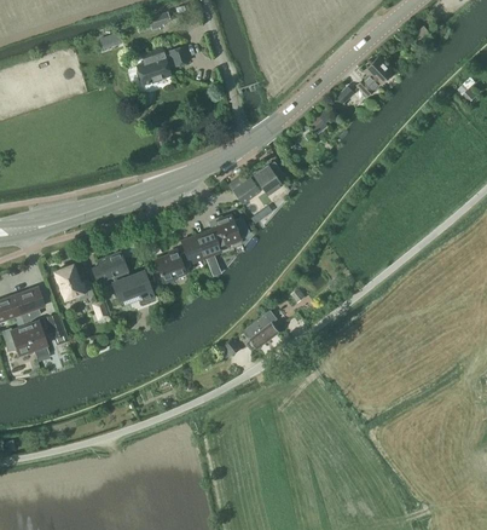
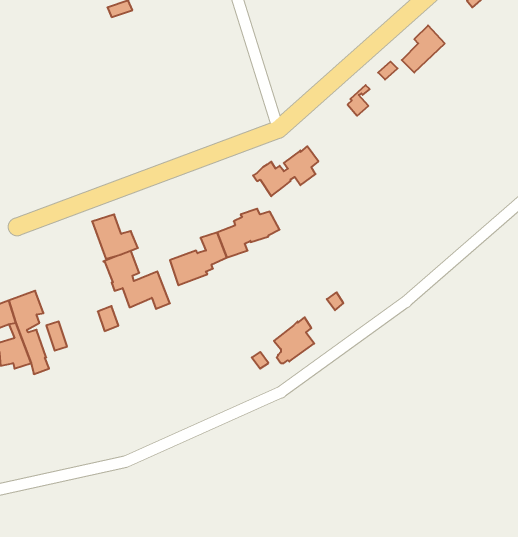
building: [137,46,190,85] -> none
building: [54,265,94,304] -> [92,214,138,259]

